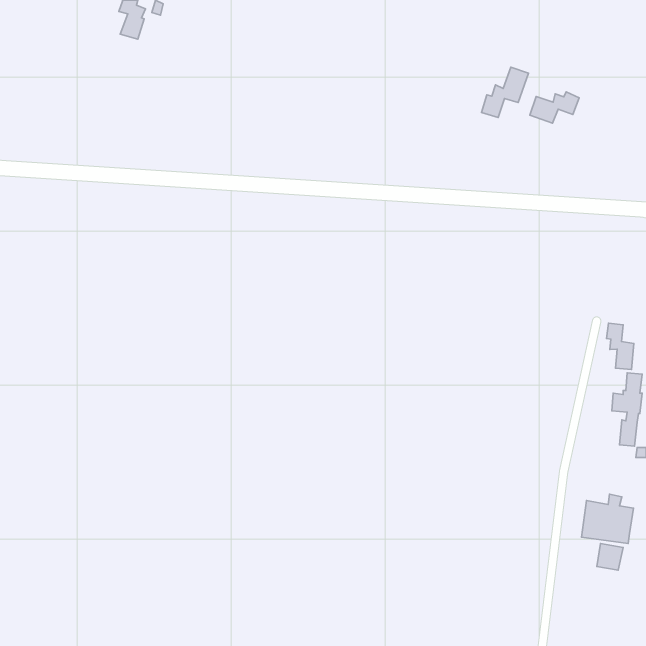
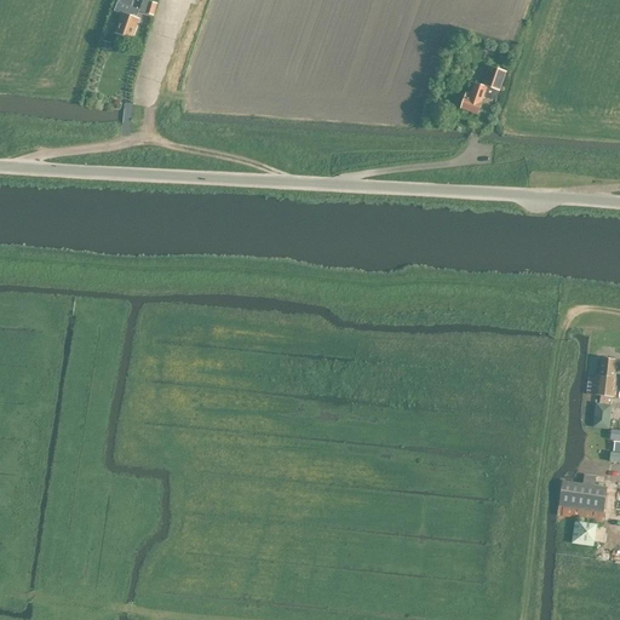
building: [530,92,579,123] -> none
building: [606,323,634,369] -> none

